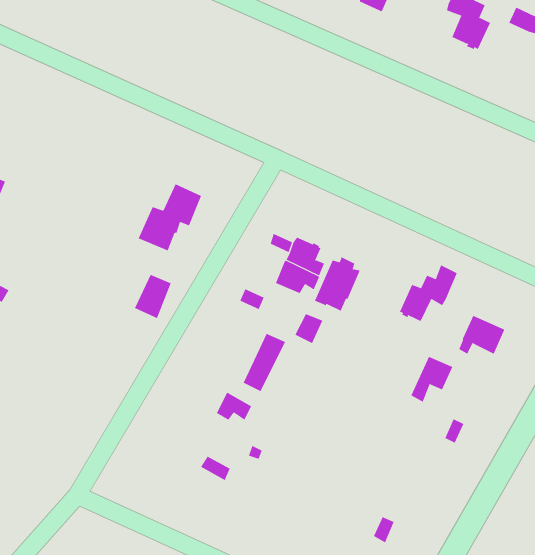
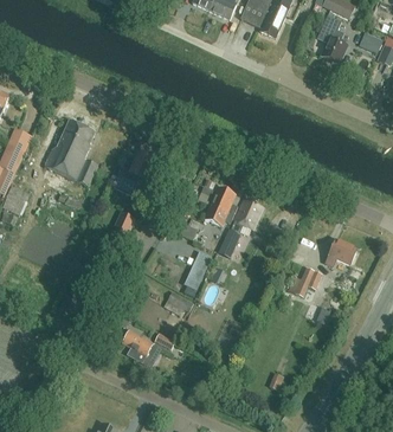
building: none -> [44,120,97,186]
building: [399,264,457,322] -> none
building: none -> [122,330,153,362]

